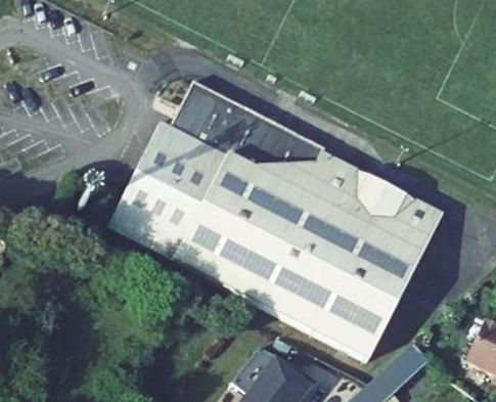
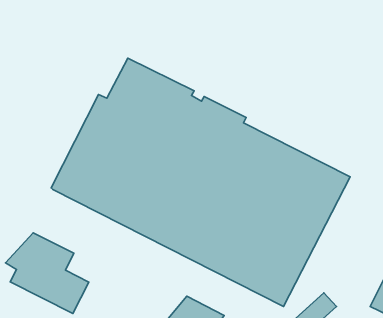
building: none -> [5,233,89,314]

